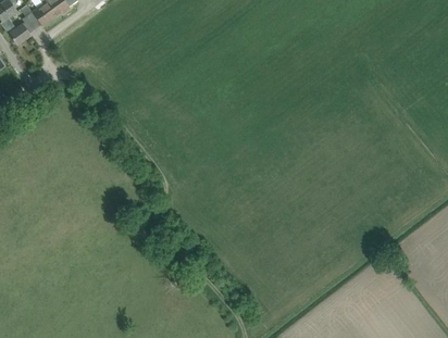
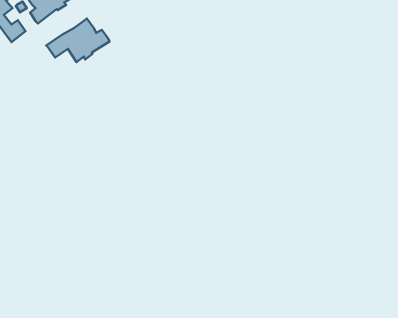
building: none -> [46,18,110,62]

